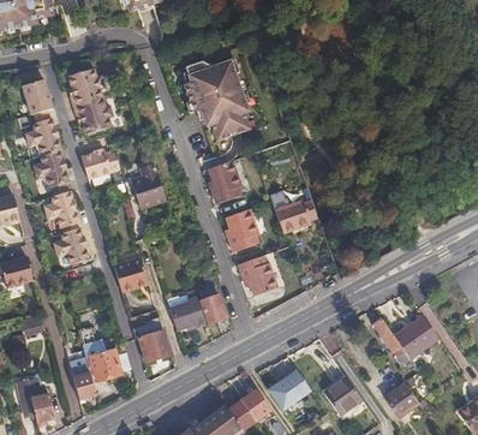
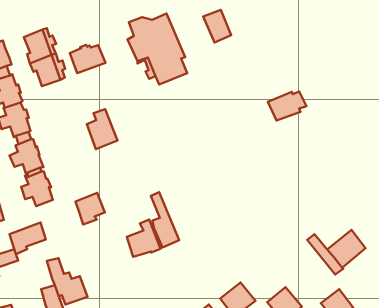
building: none -> [203,10,231,42]
building: [80,148,120,179] -> [70,45,106,73]
building: [209,162,240,203] -> none
building: [275,201,318,232] -> [268,92,306,121]
building: [226,208,257,250] -> none
building: [238,254,276,294] -> none
building: none -> [10,223,46,254]
building: [136,317,171,363] -> none

